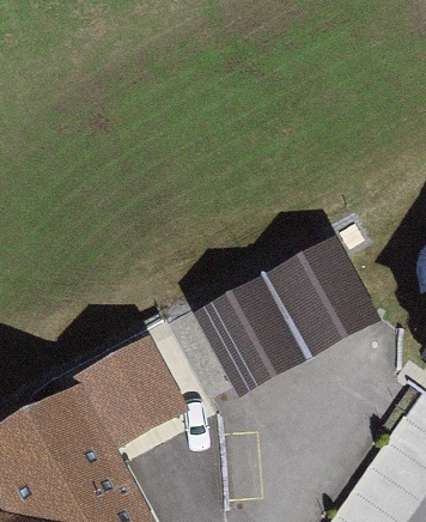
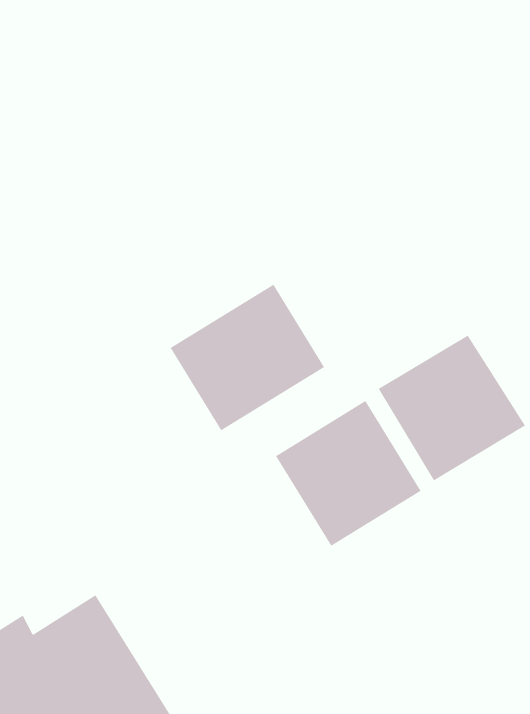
building: none -> [170,284,325,431]
building: [83,342,181,441] -> none

